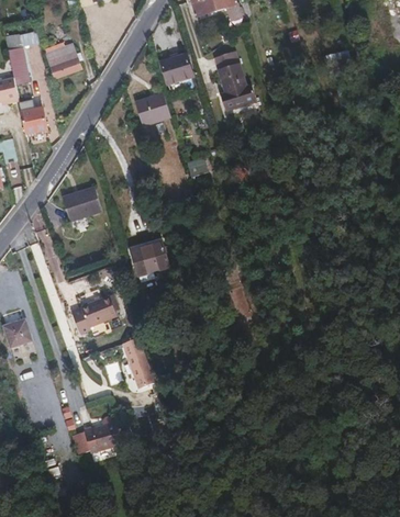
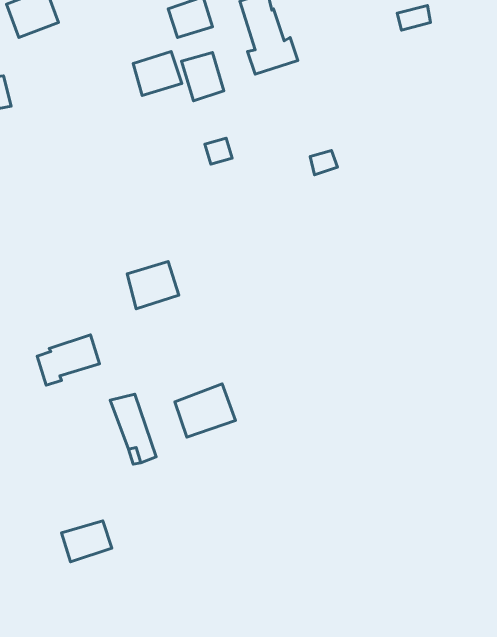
building: none -> [181,53,224,101]
building: [63,181,102,216] -> none
building: none -> [175,384,235,437]

